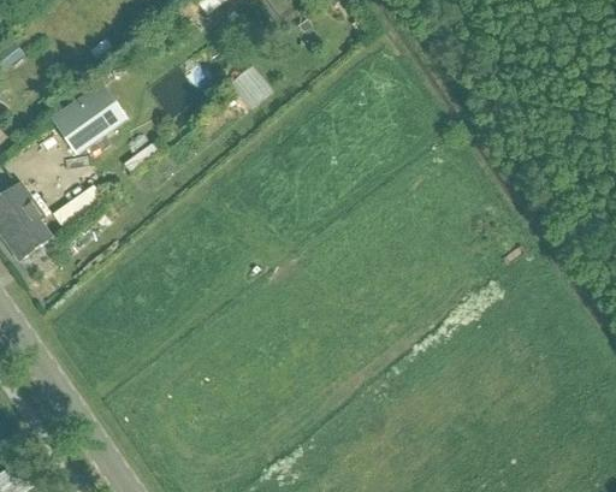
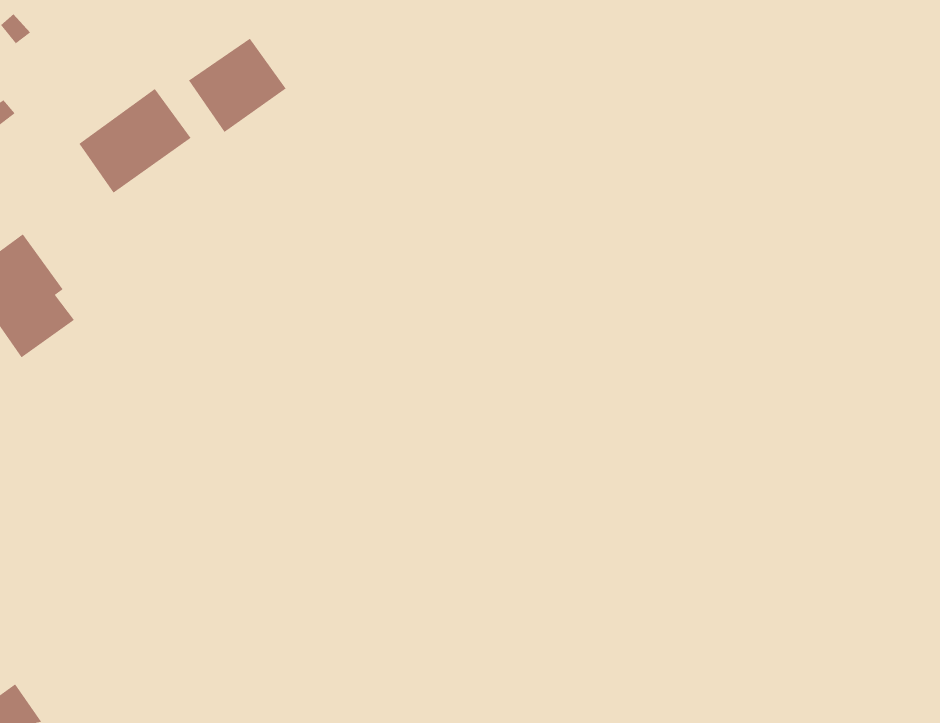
building: none -> [188,38,287,133]

